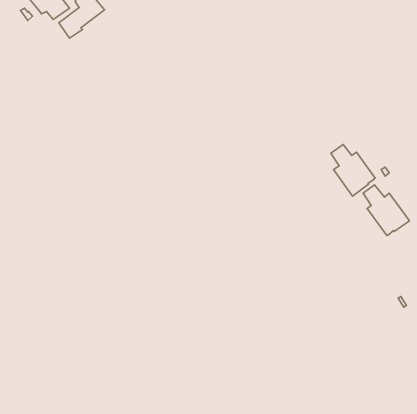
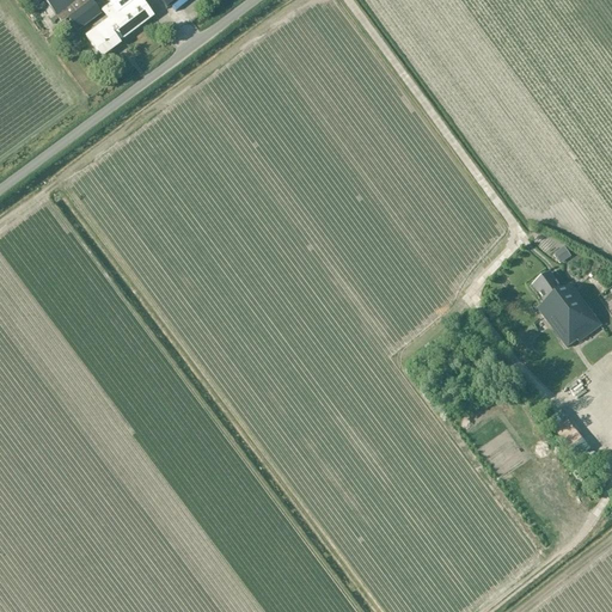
building: [331,144,375,196] -> none

